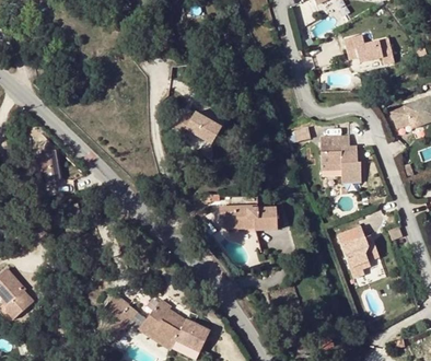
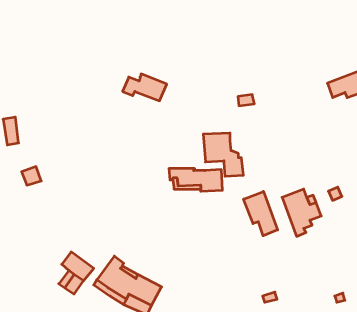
building: [340,40,388,68] -> none
building: [321,136,363,182] -> [203,133,243,176]
building: none -> [244,191,278,236]

